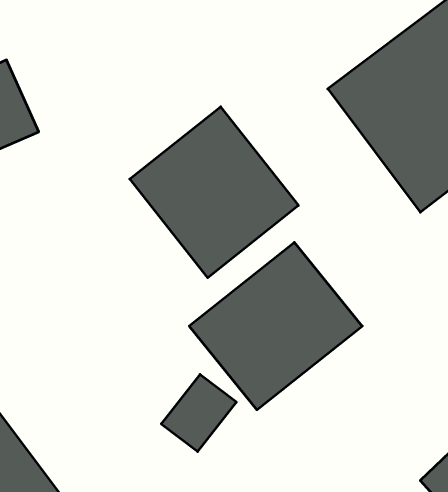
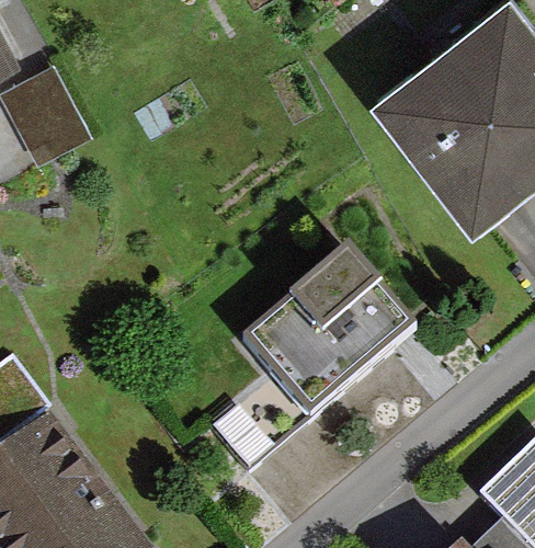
building: [130,107,298,278] -> none

